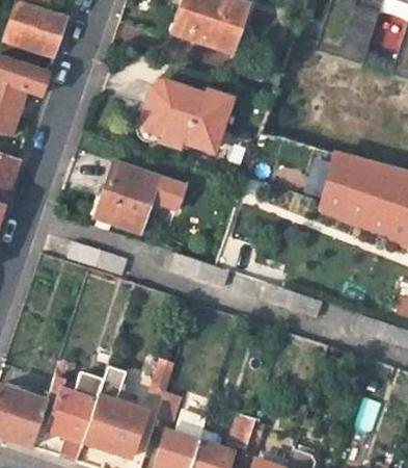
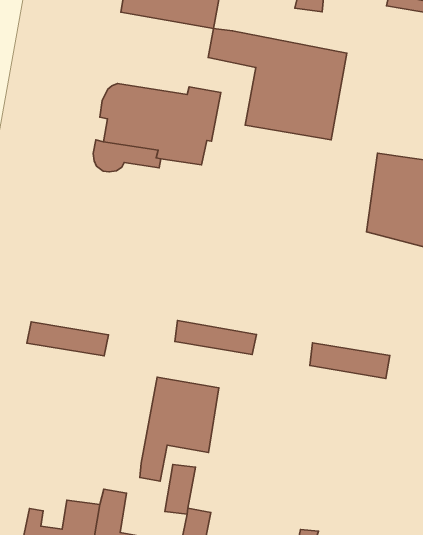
building: none -> [208,29,347,140]
building: [96,163,187,234] -> none
building: none -> [140,377,219,481]

